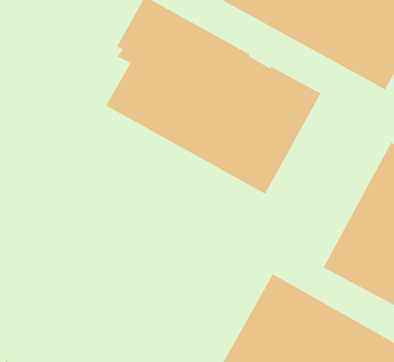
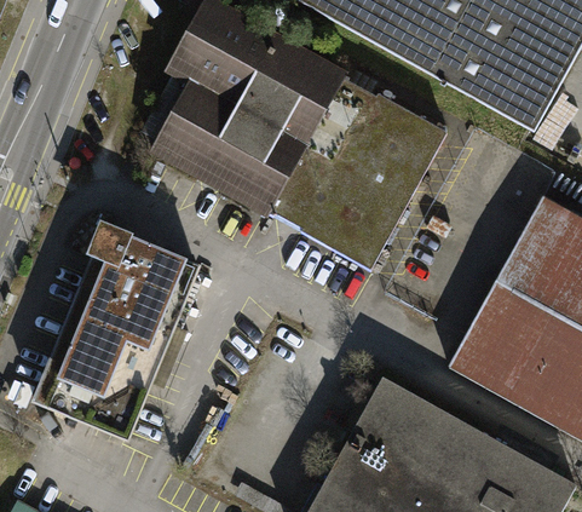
building: none -> [36,225,198,441]

